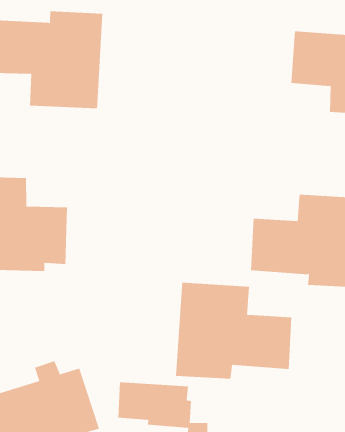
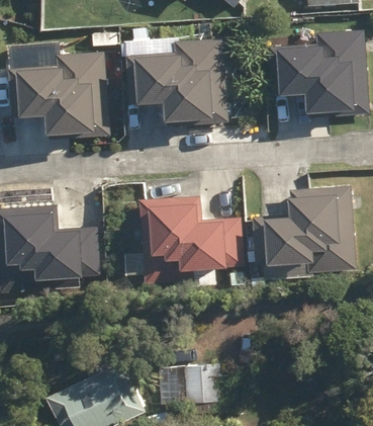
building: none -> [127,39,229,126]
building: [175,282,292,379] -> [142,192,244,277]

